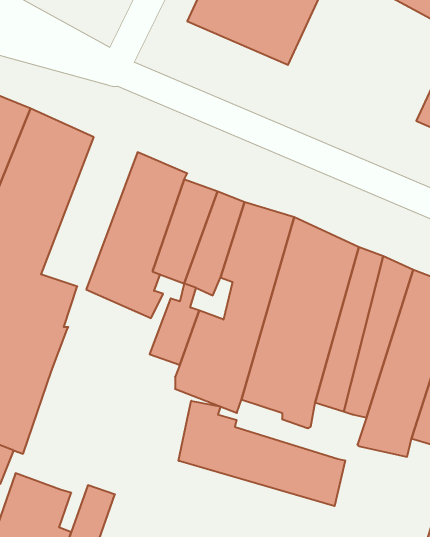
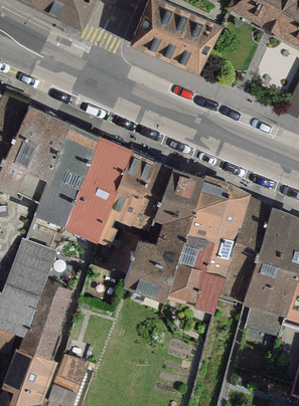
building: none -> [34,123,99,224]
building: none -> [17,278,71,358]
building: [179,401,345,506] -> none

